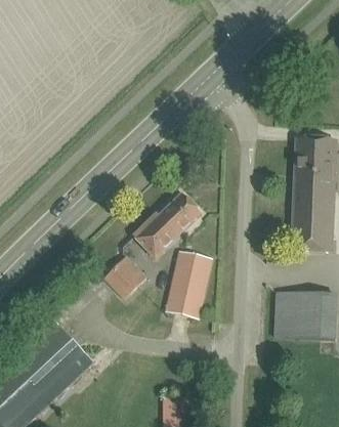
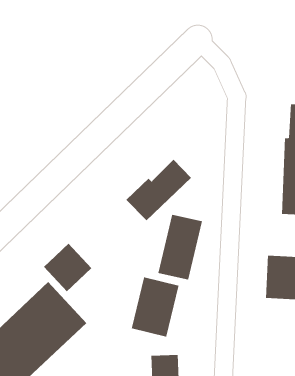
building: [109,256,145,294] -> none
building: none -> [43,243,92,292]
building: none -> [131,277,179,338]

